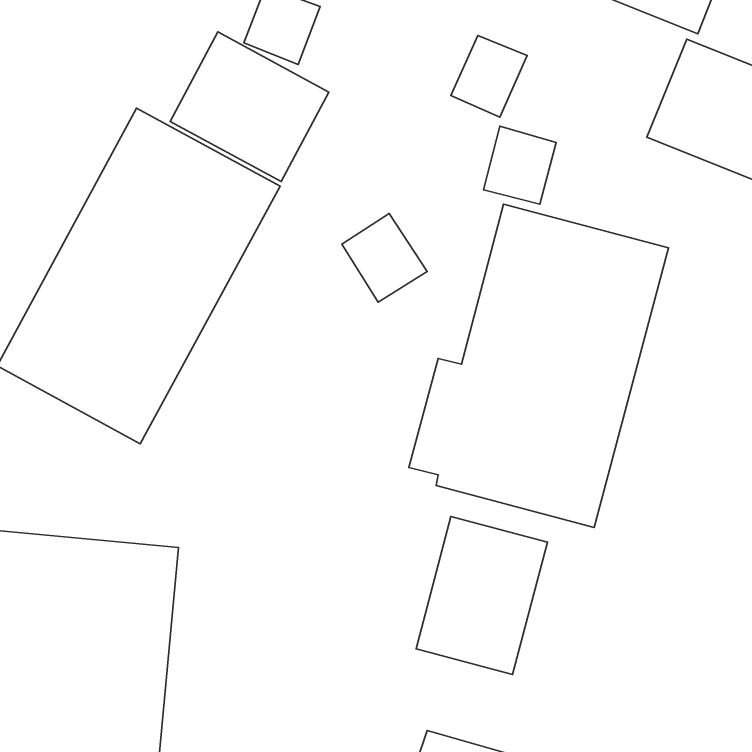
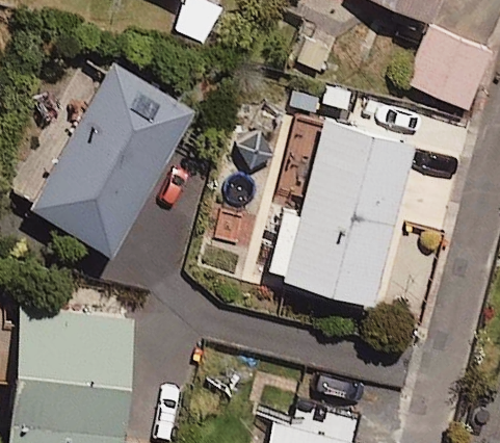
building: [170,32,329,182] -> none
building: [416,516,547,675] -> none

